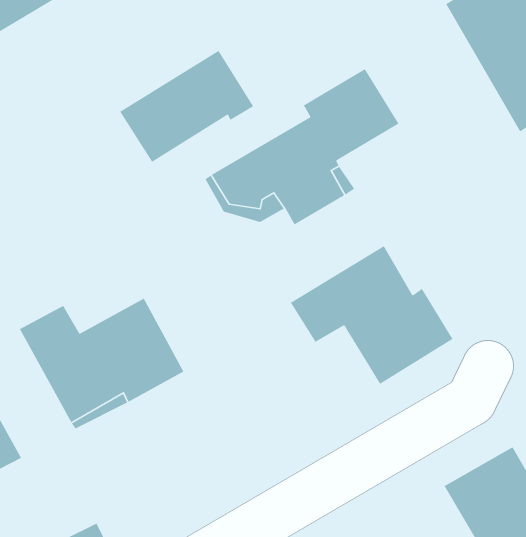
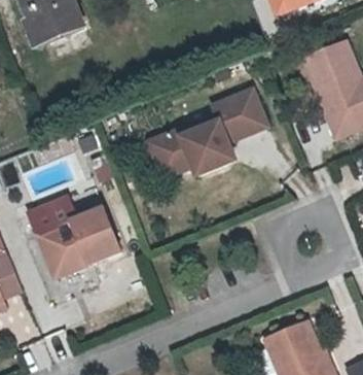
building: [119,50,254,163] -> none
building: [290,245,454,385] -> none

